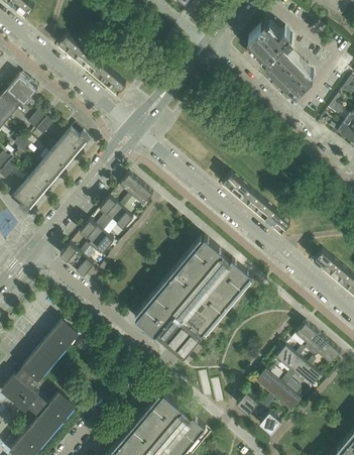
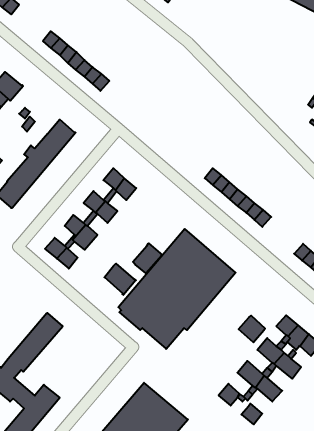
building: [247,19,313,95] -> none
building: none -> [133,243,162,273]
building: none -> [104,264,136,295]
building: none -> [239,316,265,342]

